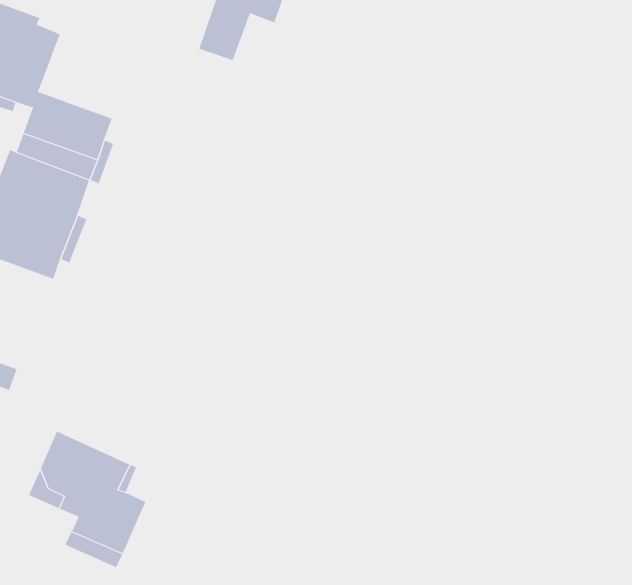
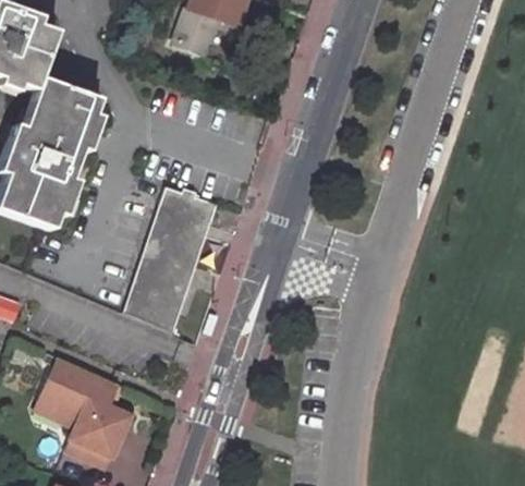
building: none -> [126,186,219,333]

